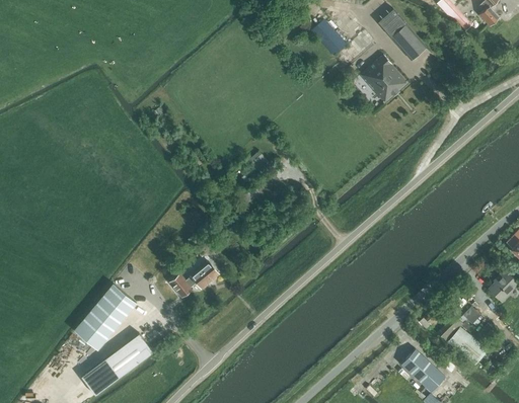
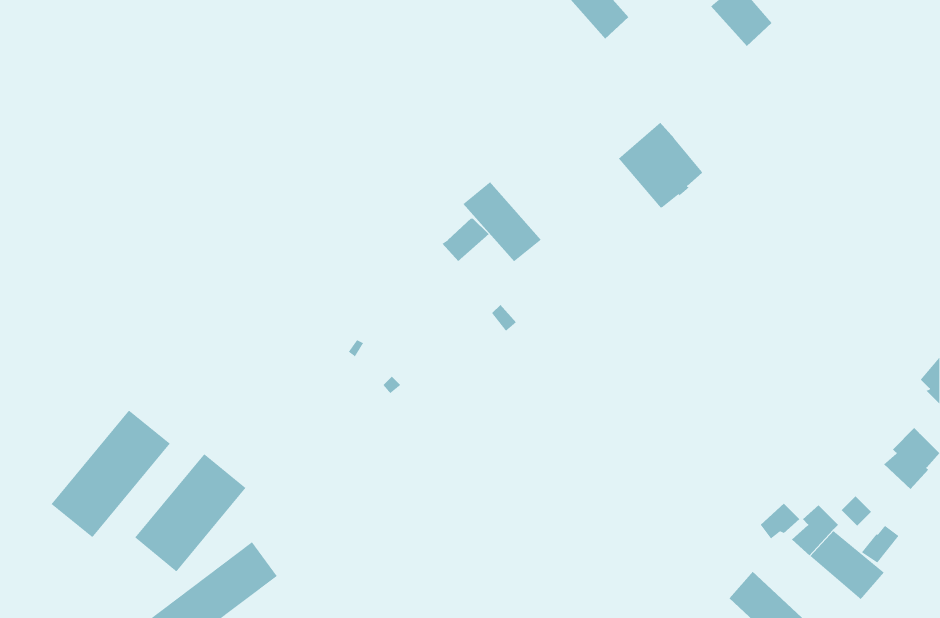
building: [360,55,407,102] -> [618,122,704,208]
building: none -> [462,181,542,262]
building: none -> [51,410,171,538]
building: [170,260,219,297] -> none

